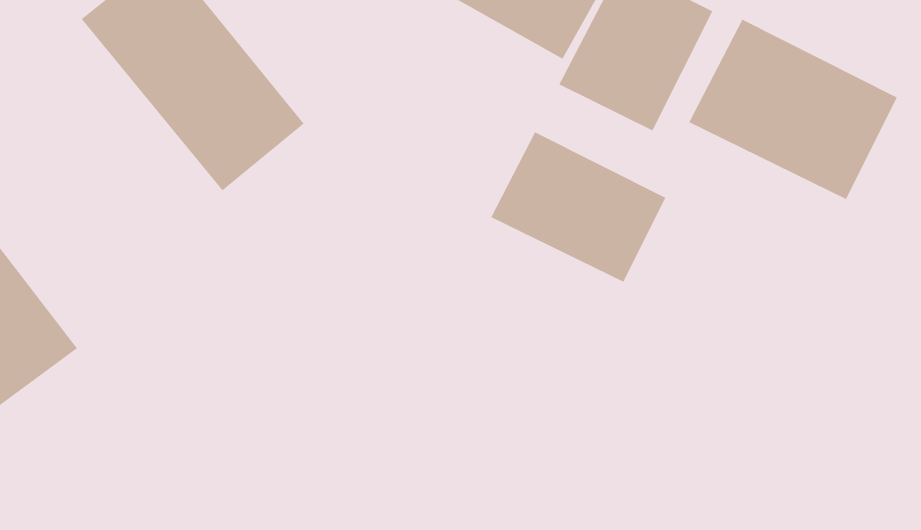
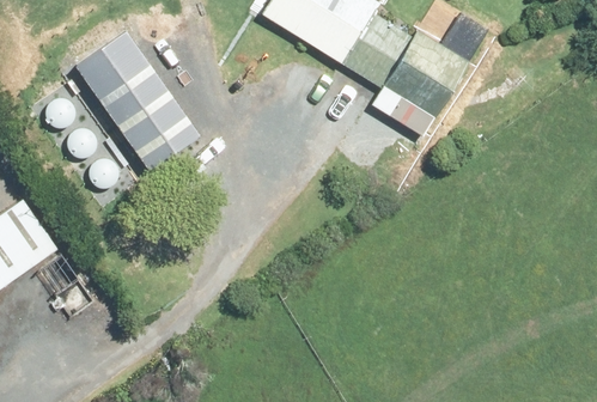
building: [689,19,898,200] -> none
building: [490,131,666,283] -> none

